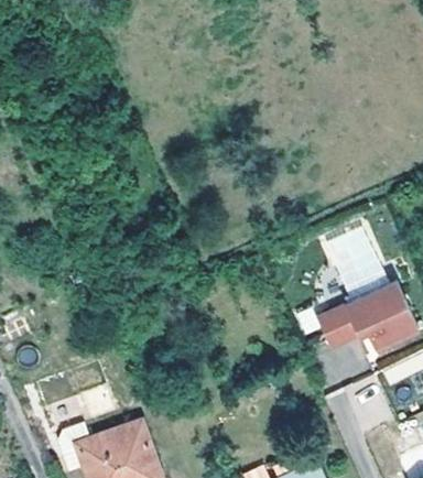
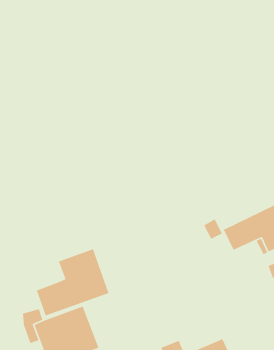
building: none -> [36,248,110,317]

